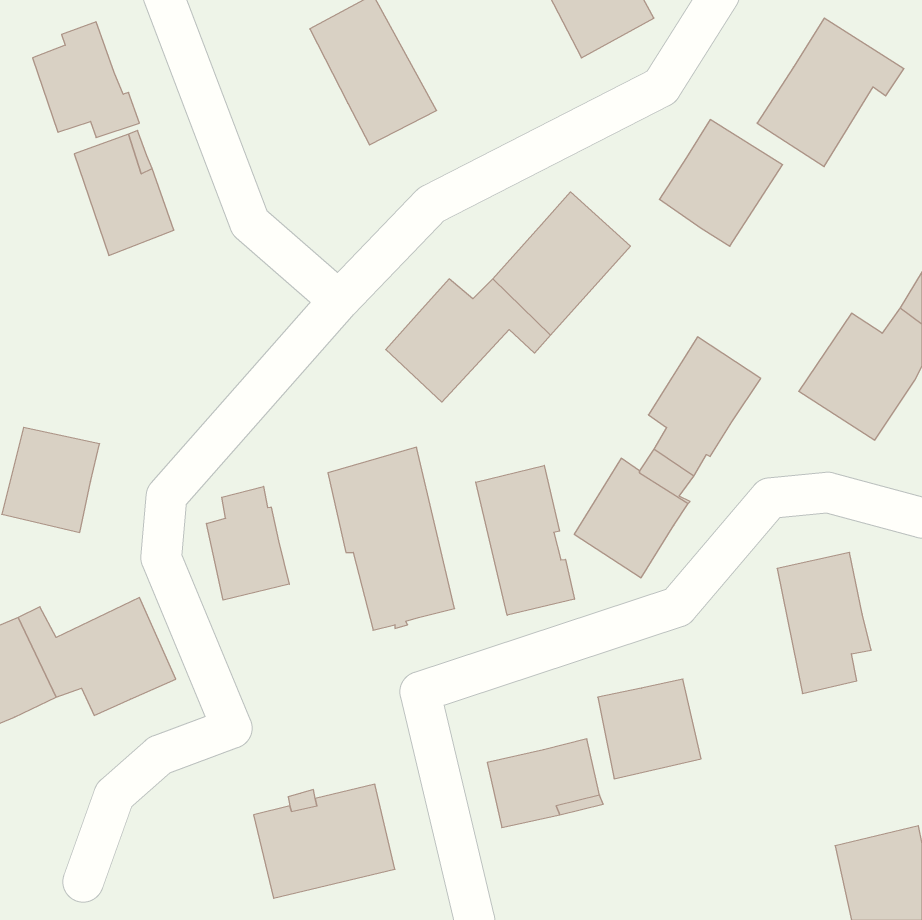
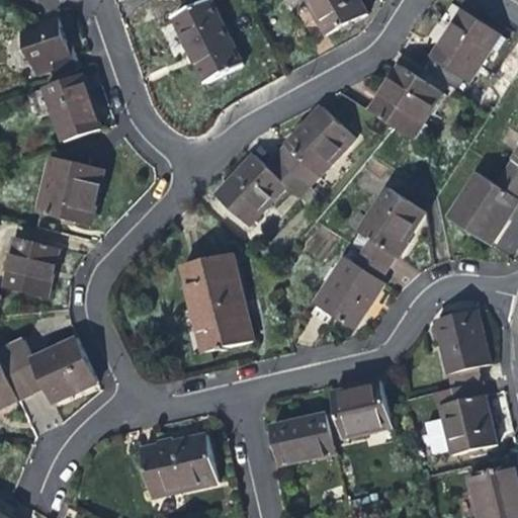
building: none -> [36,169,95,223]
building: [476,465,574,615] -> none
building: [206,486,289,600] -> none
building: none -> [437,380,493,454]

